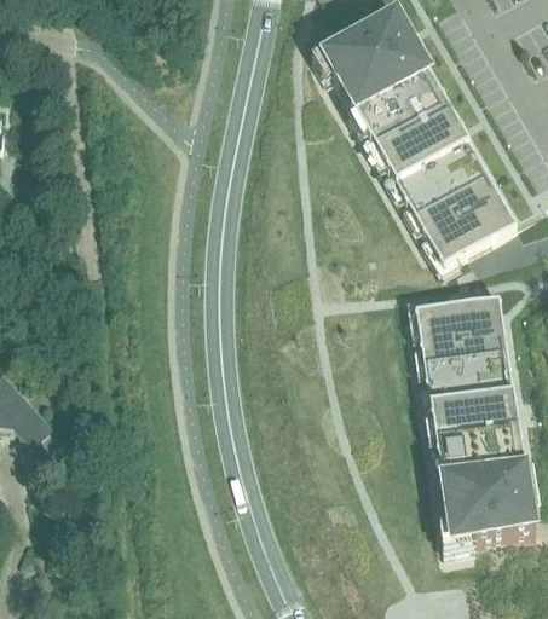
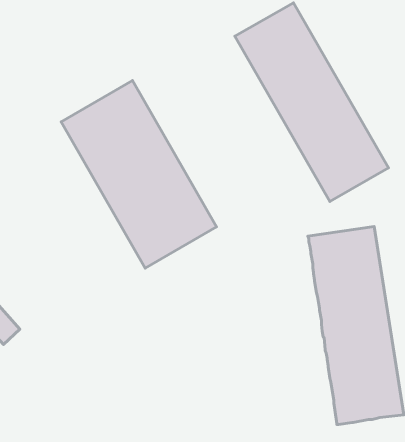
building: none -> [61,81,217,268]

